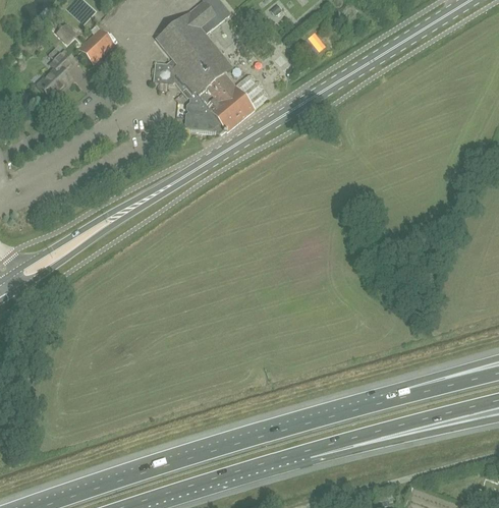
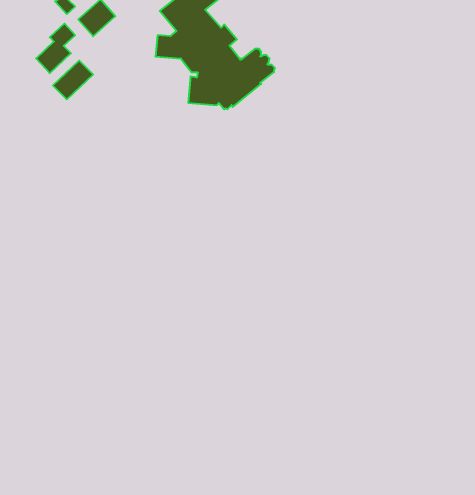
building: none -> [53,61,93,99]

